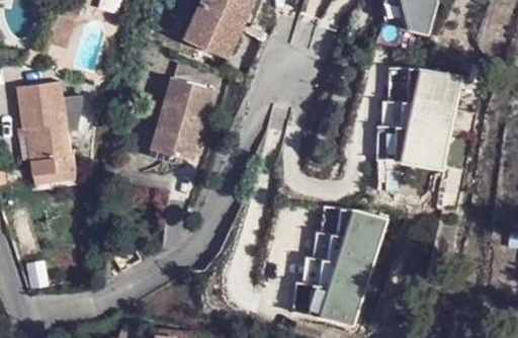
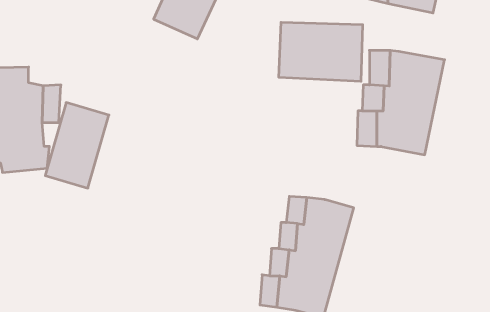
building: none -> [279,22,363,81]
building: [150,78,211,161] -> [45,103,109,188]

